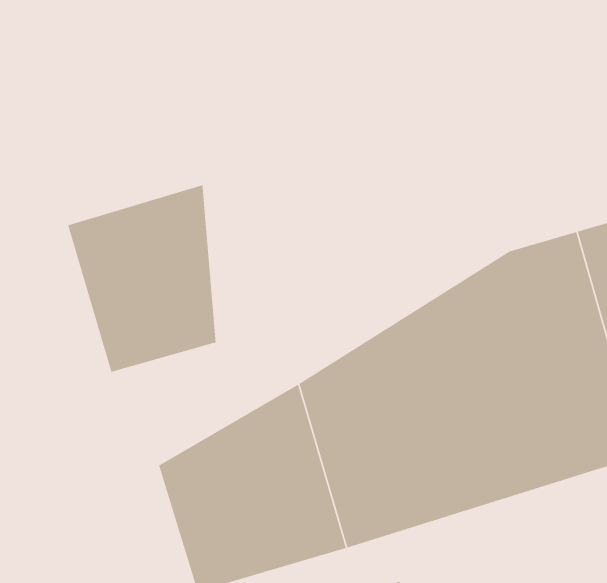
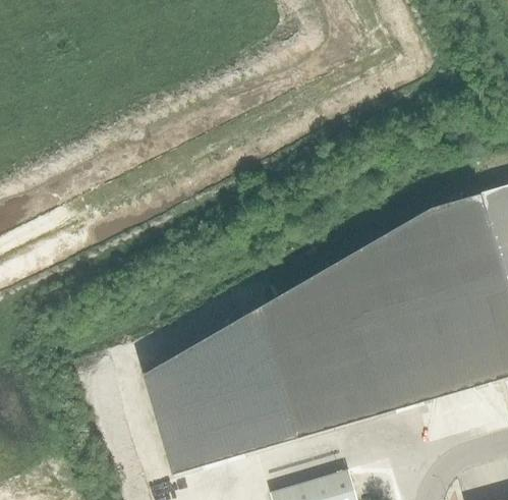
building: [67,184,217,373] -> none

